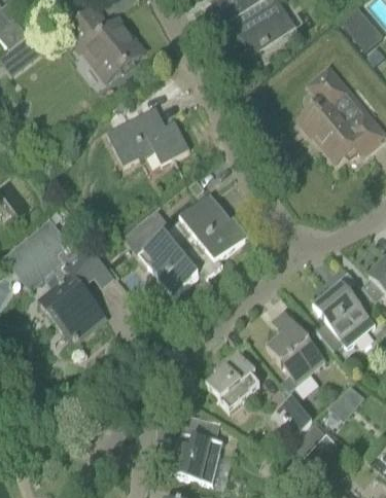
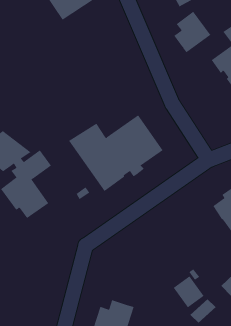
building: none -> [174,11,211,53]
building: [106,106,189,165] -> none
building: [266,309,326,383] -> none
building: [206,348,259,411] -> none

